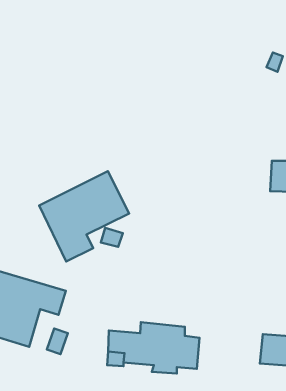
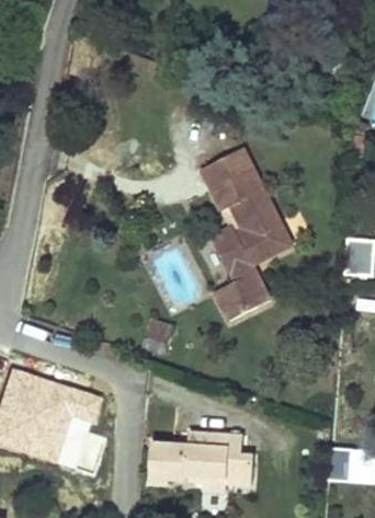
building: none -> [200,150,289,323]
building: [39,171,129,262] -> none

